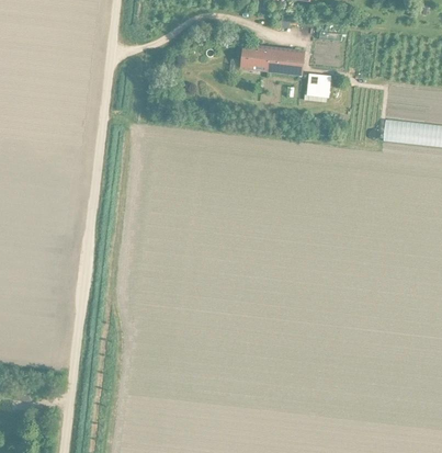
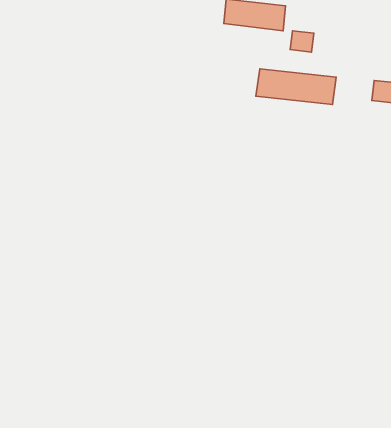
building: none -> [256,69,336,105]

